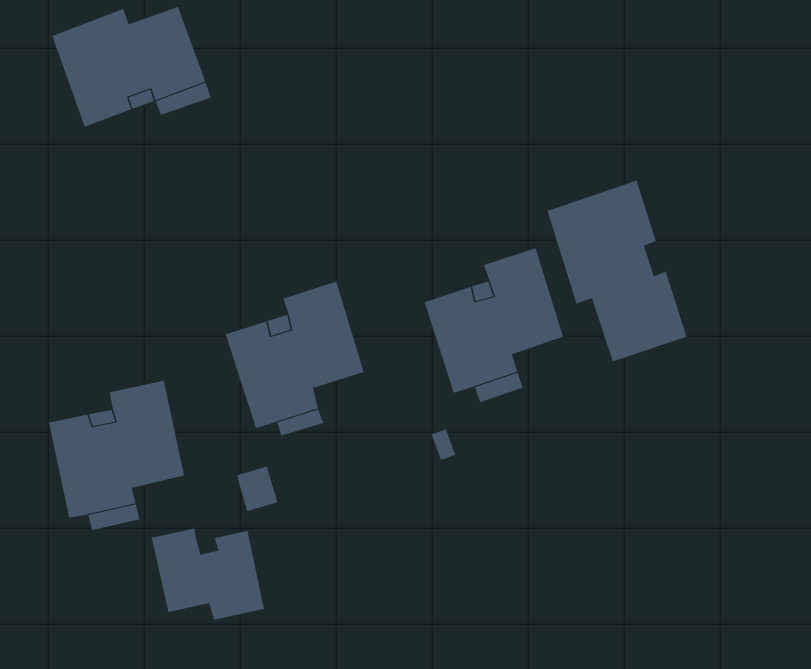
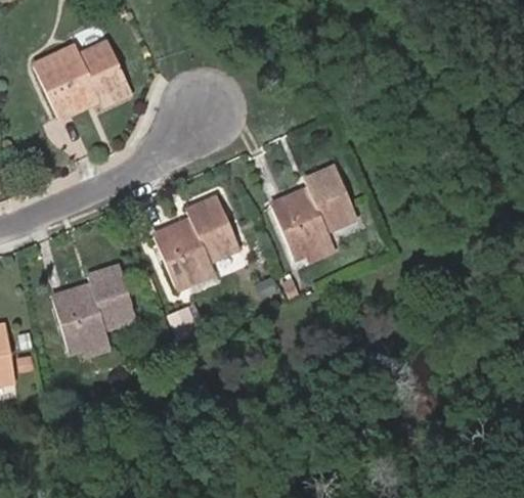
building: [547,180,687,362] -> none
building: [151,528,264,621] -> none

